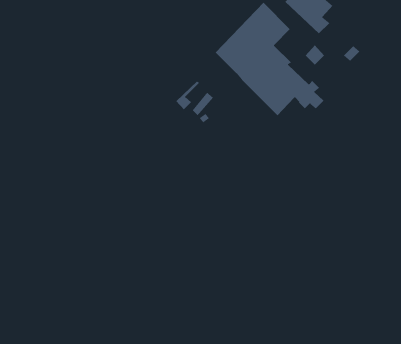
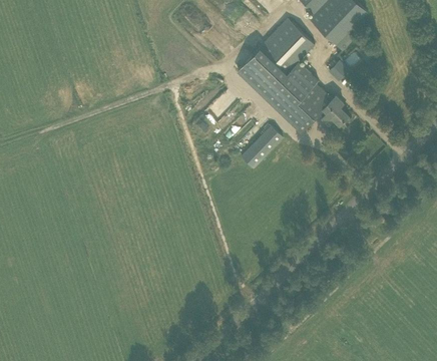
building: none -> [240,125,283,169]

